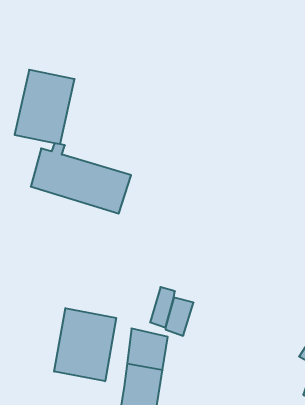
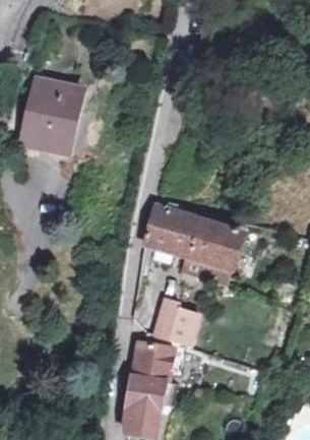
building: [31,143,131,214] -> [145,199,244,268]
building: [54,308,116,381] -> none

